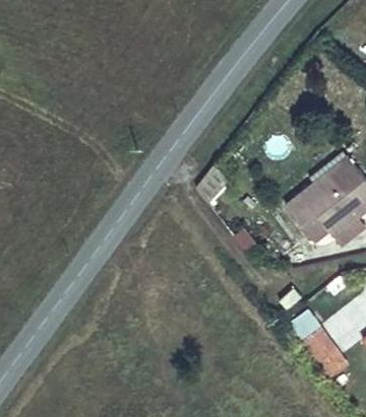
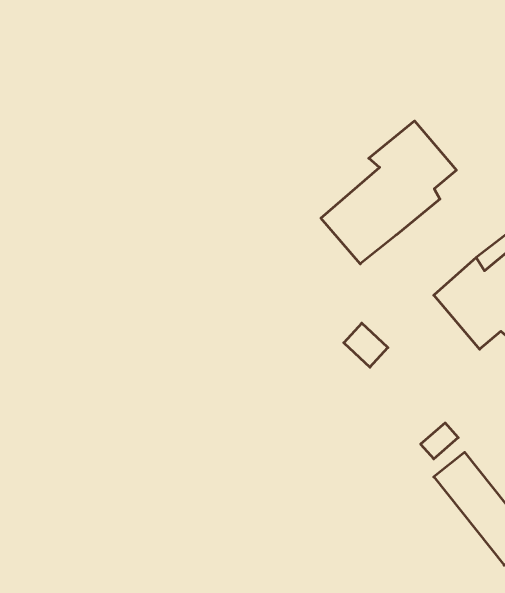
building: none -> [321,121,456,264]

